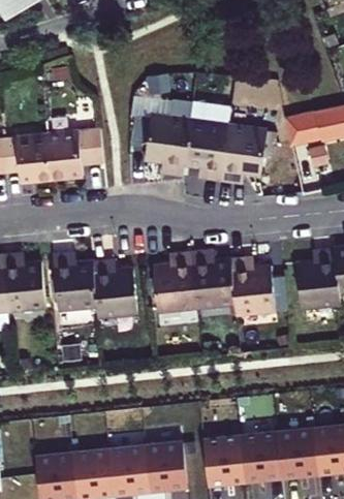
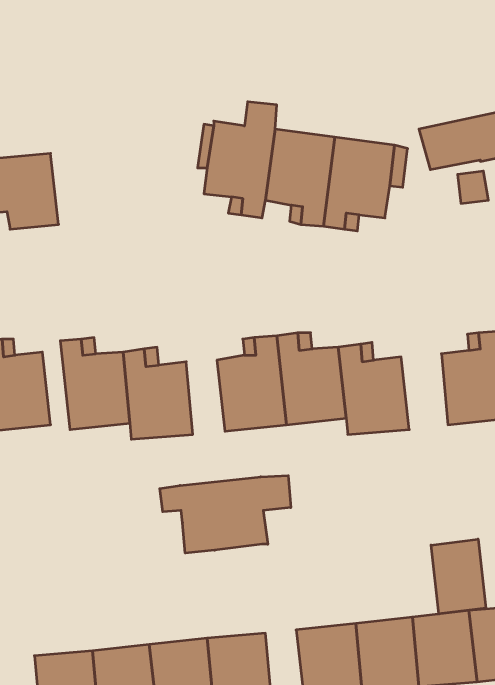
building: [45,129,102,181] -> none
building: none -> [160,476,291,553]
building: none -> [431,539,486,614]

